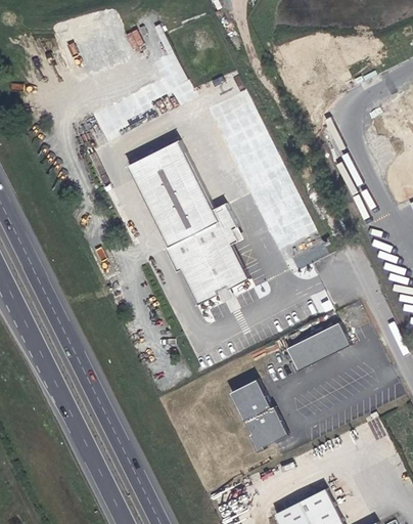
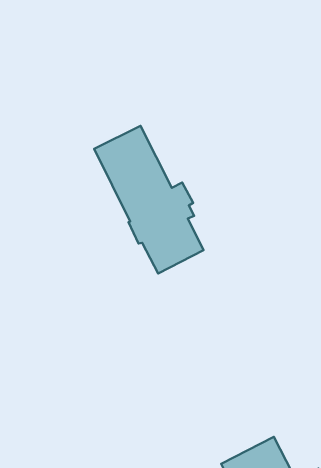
building: [284,323,347,370] -> none
building: [227,382,283,452] -> none

